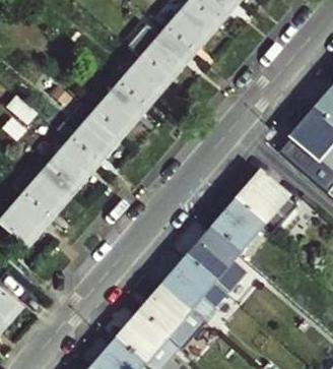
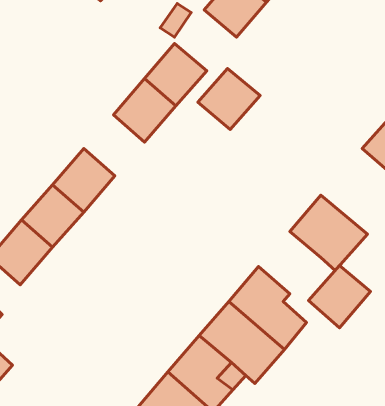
building: [143,28,192,76] -> [198,68,260,129]
building: [72,111,120,159] -> none
building: [209,202,258,251] -> [308,266,371,328]

